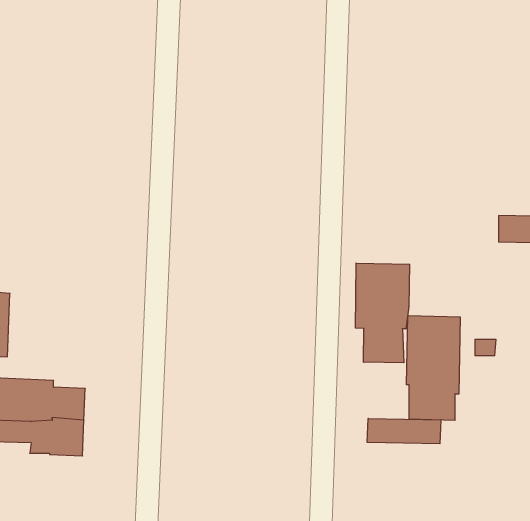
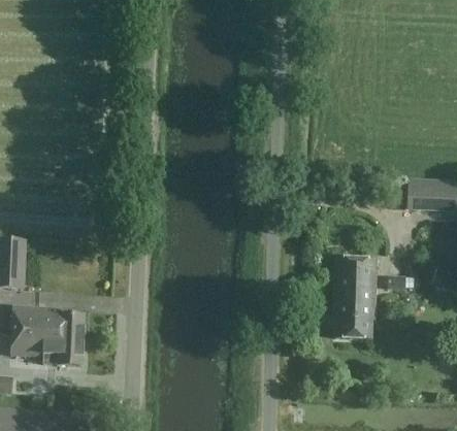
building: [356,263,410,363] -> none
building: [367,418,441,444] -> none

